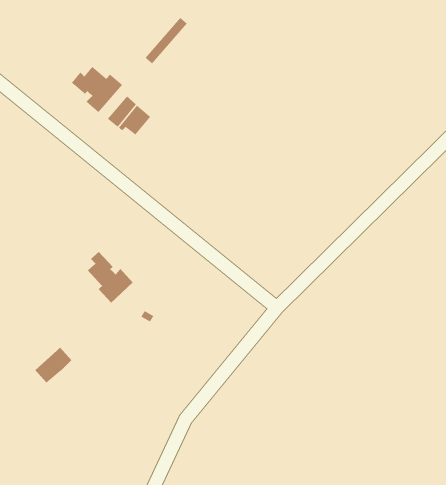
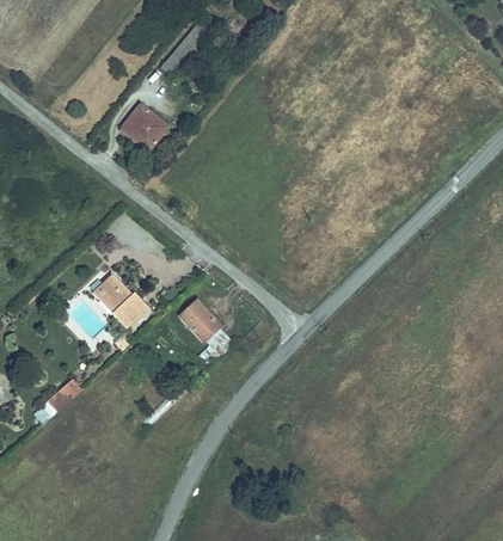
building: [71,66,123,113] -> none
building: none -> [179,302,221,345]

